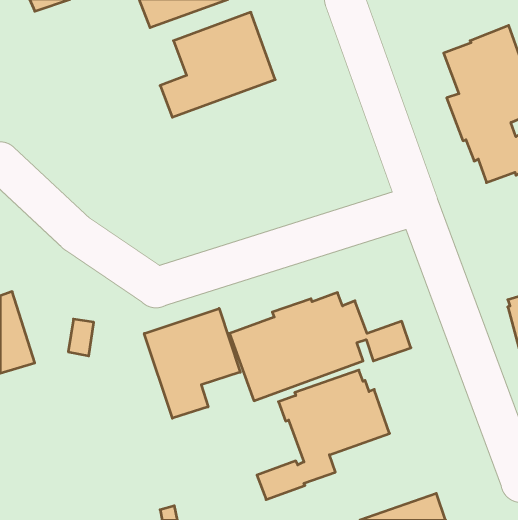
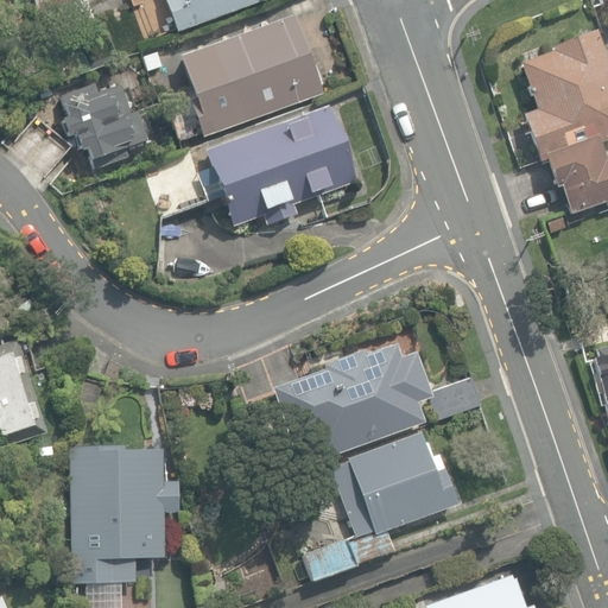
building: none -> [61,83,147,171]
building: none -> [198,104,357,227]
building: [144,308,240,418] -> none
building: none -> [70,445,178,582]

